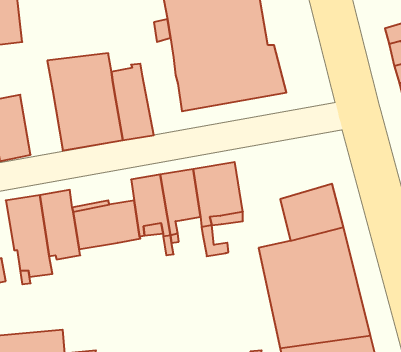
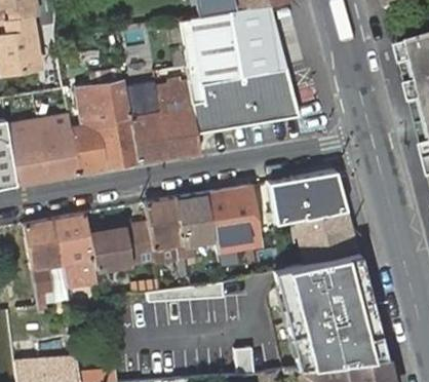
building: none -> [157,82,201,159]
building: none -> [38,114,80,179]
building: none -> [268,171,347,227]

